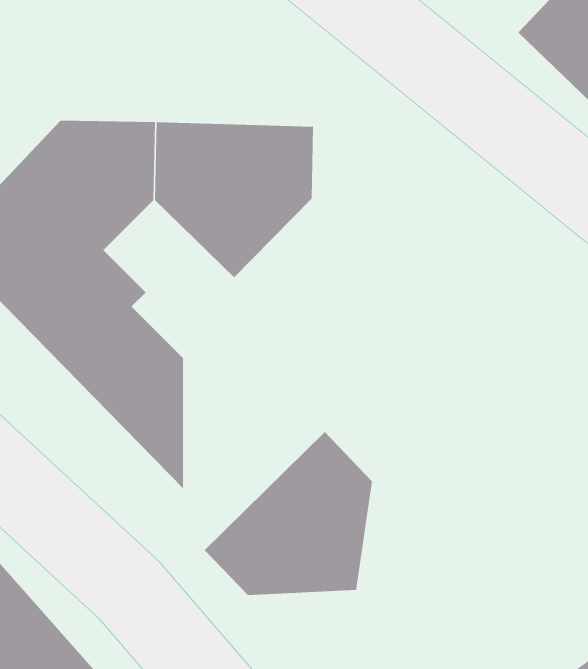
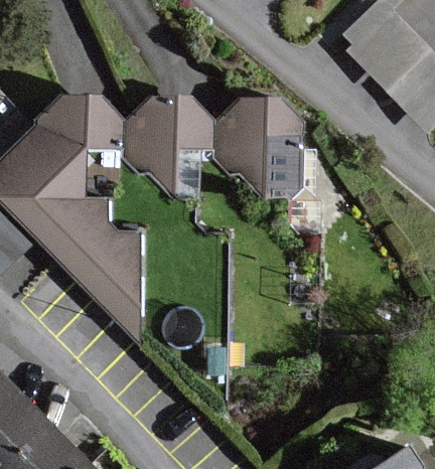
building: none -> [219,106,328,201]
building: [204,431,373,596] -> none

